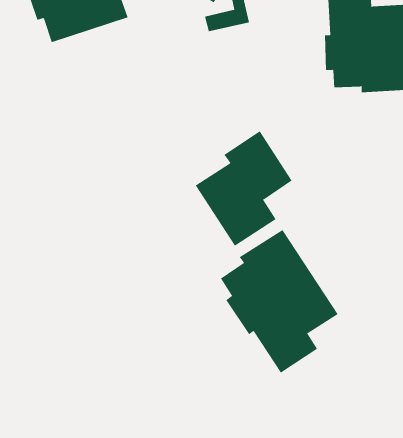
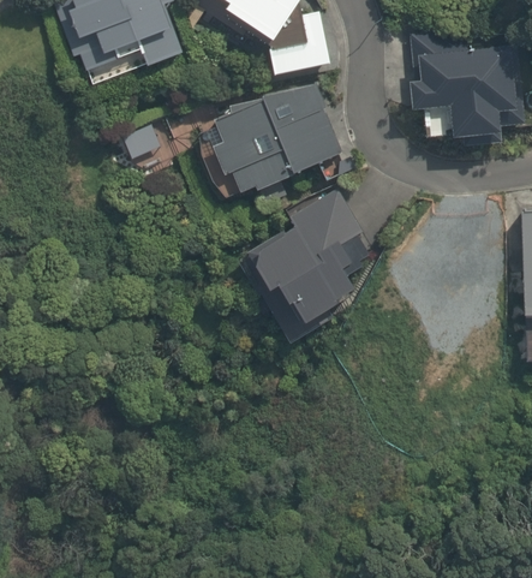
building: none -> [211,79,336,190]
building: [220,229,338,374] -> none

